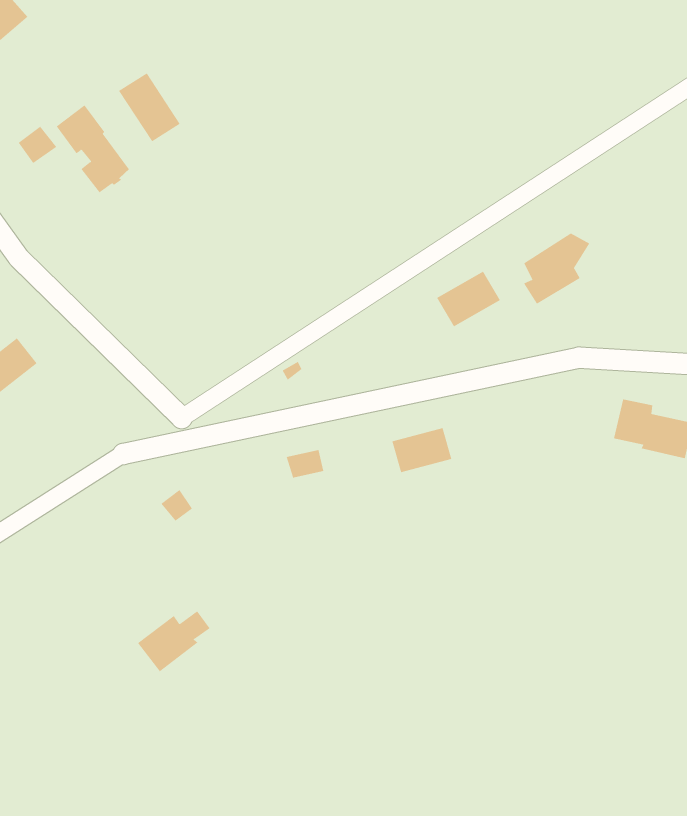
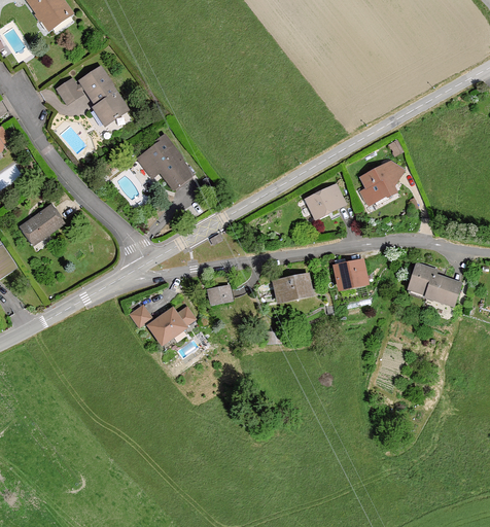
building: [118,73,180,142] -> none
building: none -> [140,136,192,184]
building: none -> [335,264,365,291]
building: [137,610,211,672] -> [149,307,195,343]

